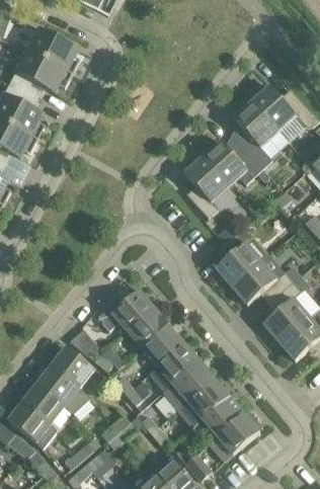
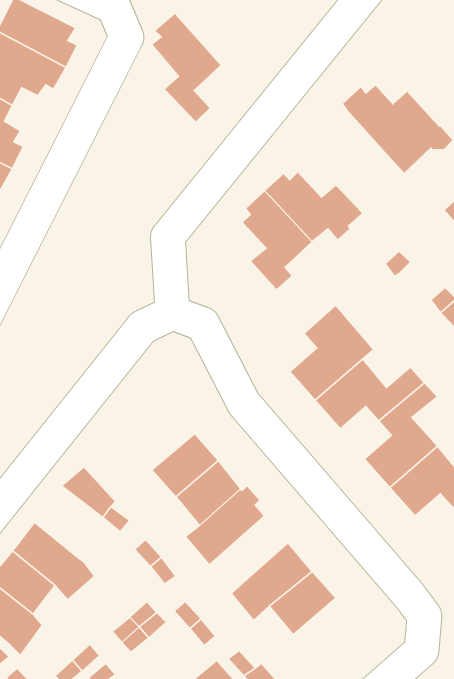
building: [233,97,277,167] -> [151,13,221,122]
building: [97,290,154,331] -> none
building: [52,346,94,387] -> none
building: [161,360,214,410] -> none
building: [217,411,259,455] -> none

